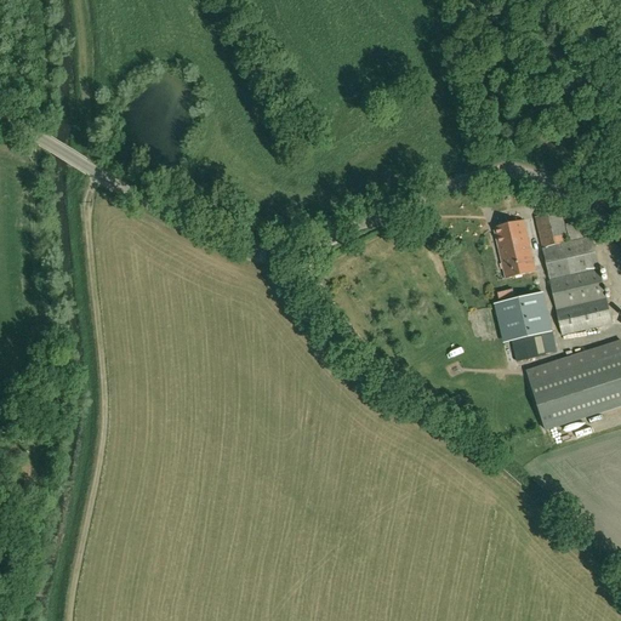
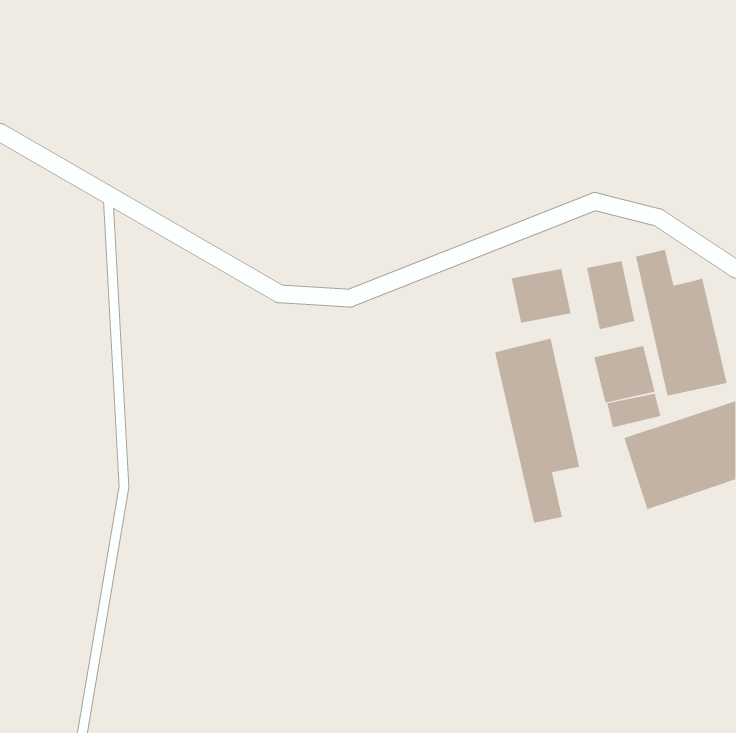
building: none -> [511,268,571,323]
building: none -> [495,338,580,524]

